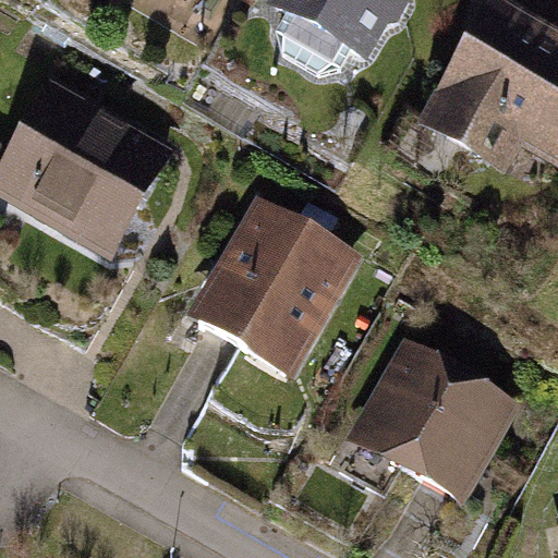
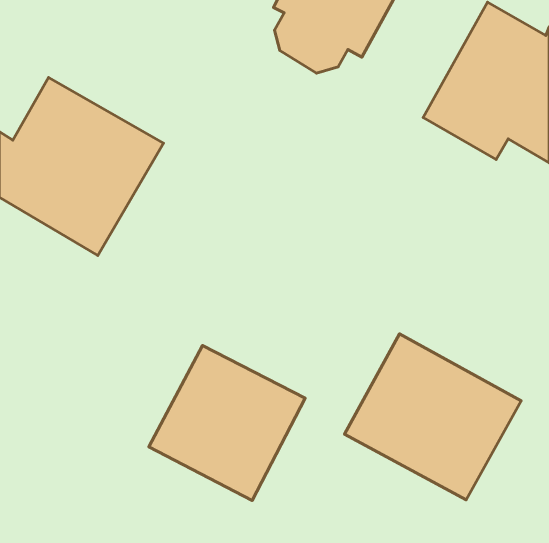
building: [184,199,362,379] -> none
building: none -> [149,345,305,500]

